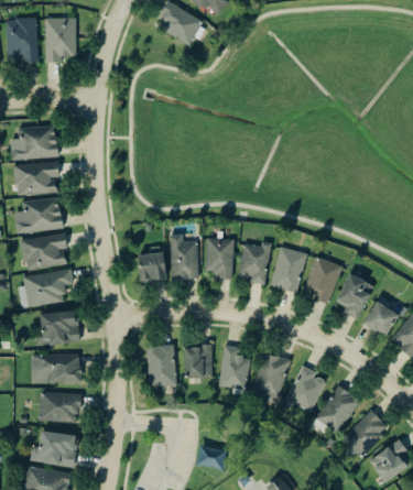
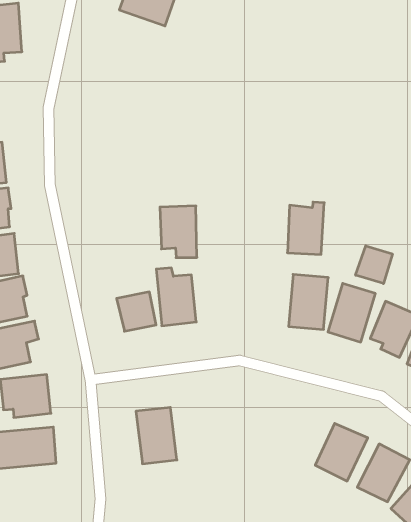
building: none -> [356,246,392,284]
building: [205,238,235,280] -> [160,206,197,258]
building: [239,241,271,283] -> [287,202,324,254]
building: [219,345,251,389] -> none
building: [185,346,213,378] -> none
building: [252,352,291,401] -> none
building: [40,391,80,422] -> none

